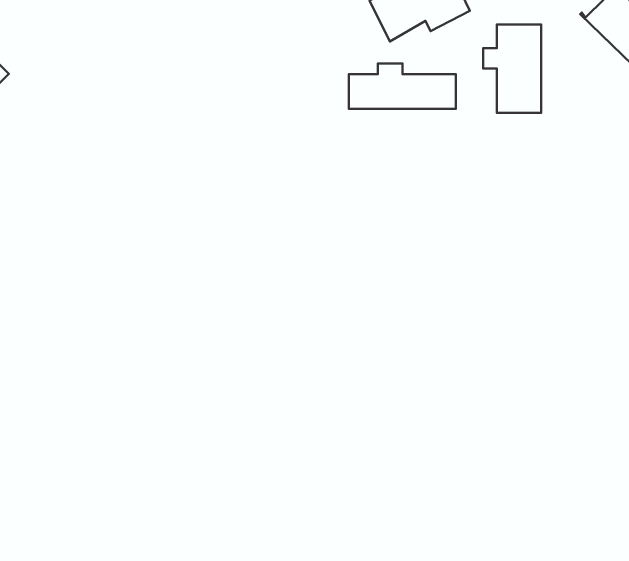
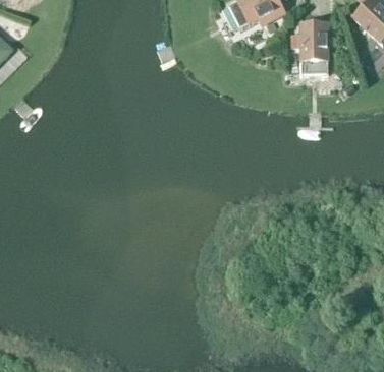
building: [349,63,456,109] -> none

